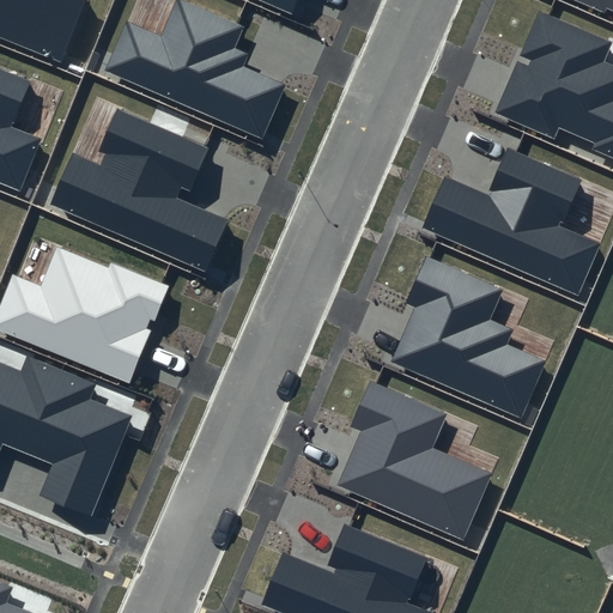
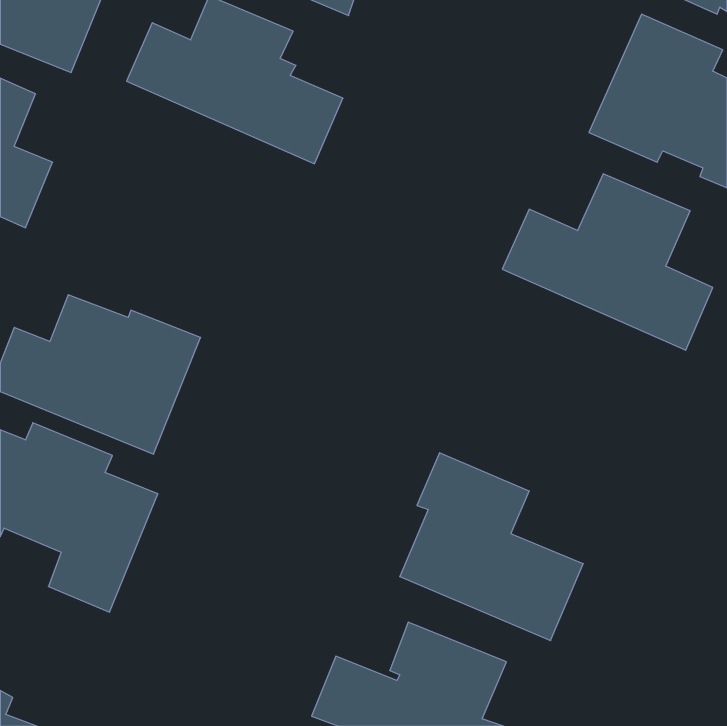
building: [50,107,229,272] -> none
building: [389,255,546,419] -> none

